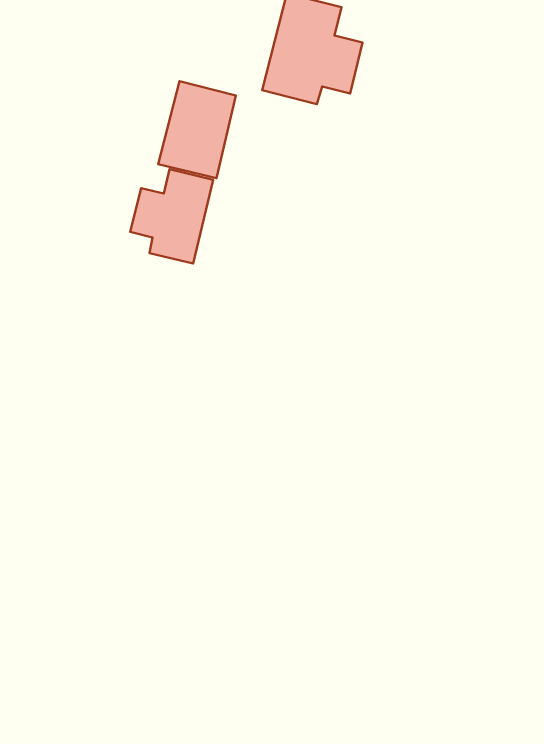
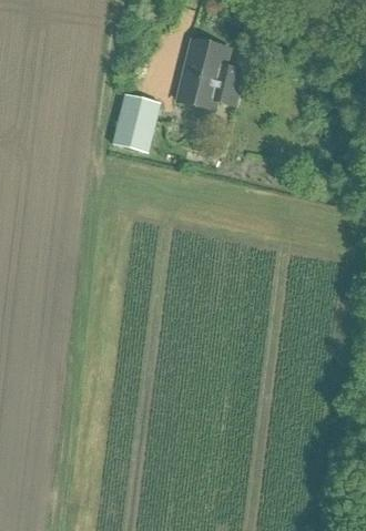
building: [130,169,213,263] -> none

